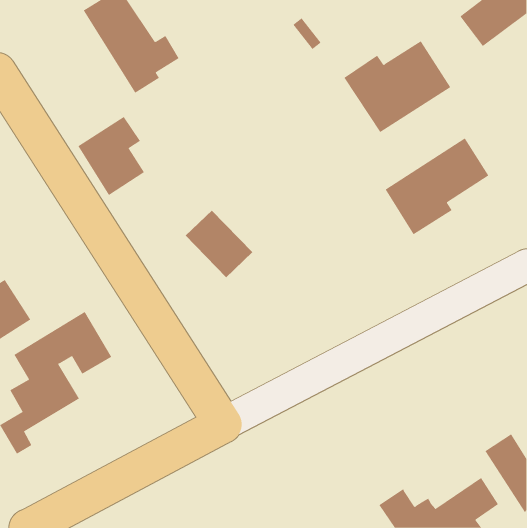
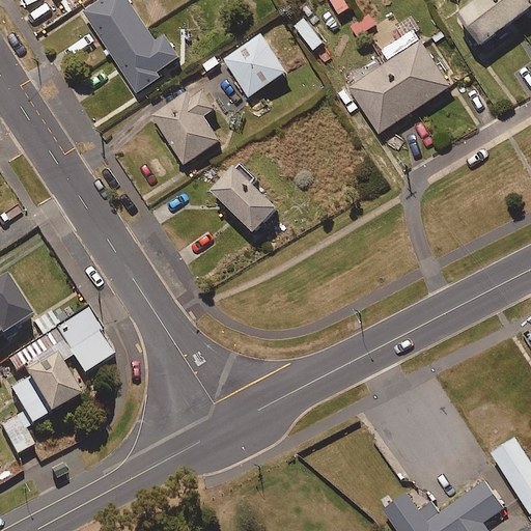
building: none -> [223,34,286,97]
building: [77,116,145,196] -> [152,85,220,165]
building: [385,137,489,235] -> none
building: [185,210,253,278] -> [213,167,281,235]

